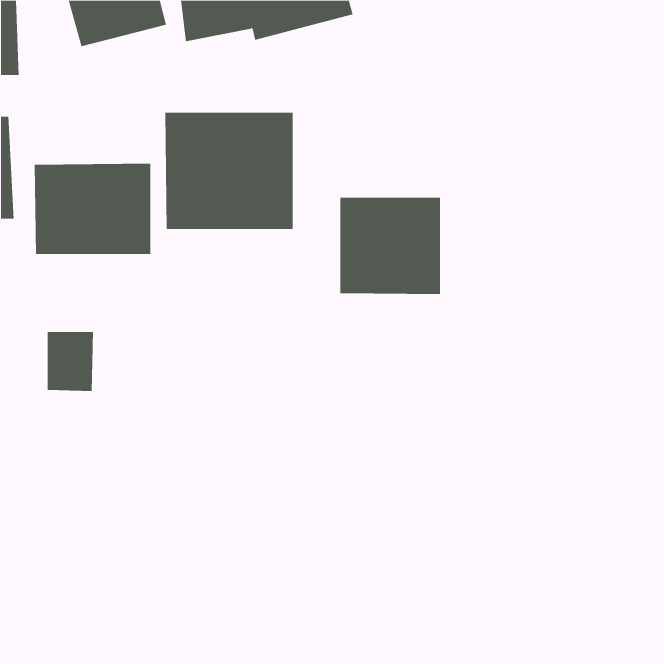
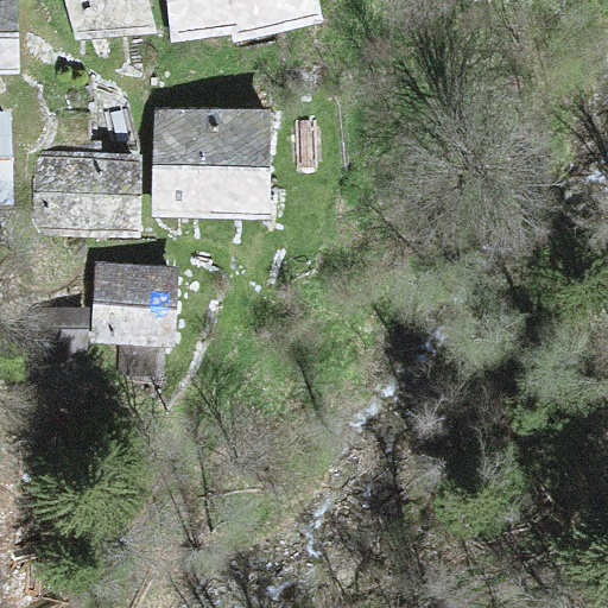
building: [340,197,441,295] -> none
building: none -> [94,259,177,343]

